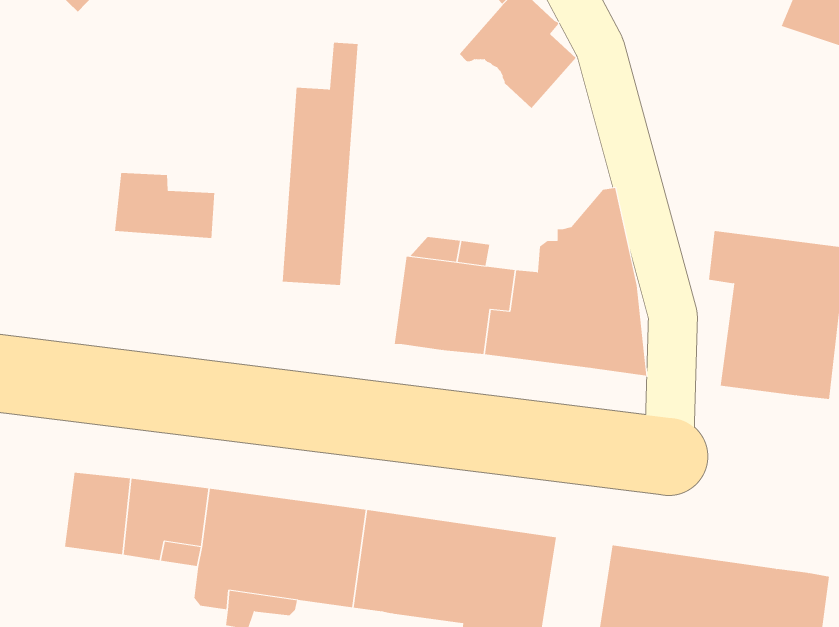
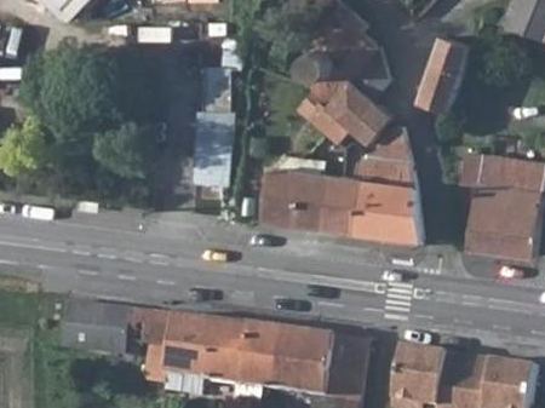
building: none -> [417,36,470,109]
building: none -> [299,45,391,144]
building: [115,172,215,239] -> none

